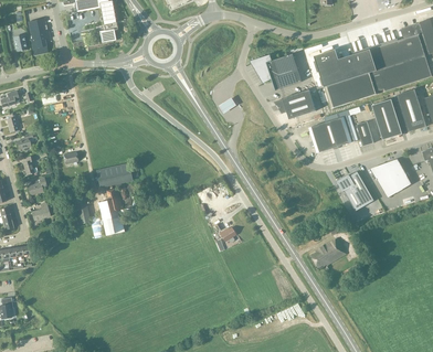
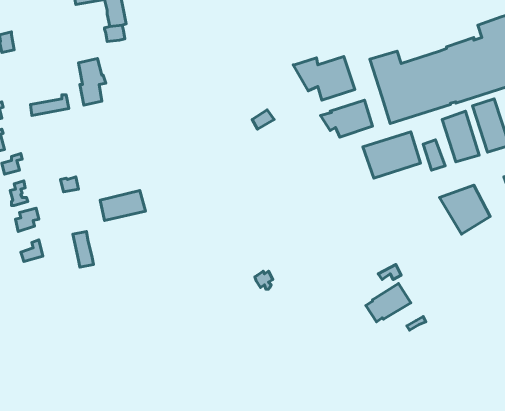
building: [29,18,51,55] -> [79,59,106,105]
building: [337,171,373,211] -> none
building: [99,188,134,220] -> none

